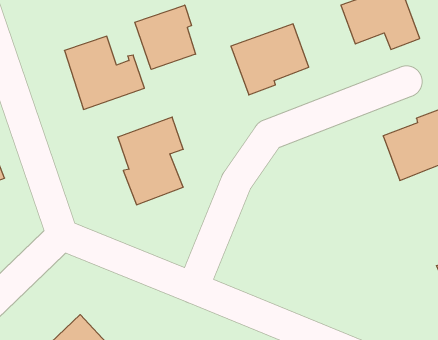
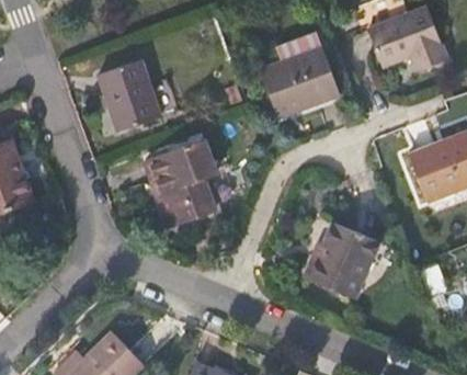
building: [135,5,196,69] -> none
building: none -> [303,221,377,297]

